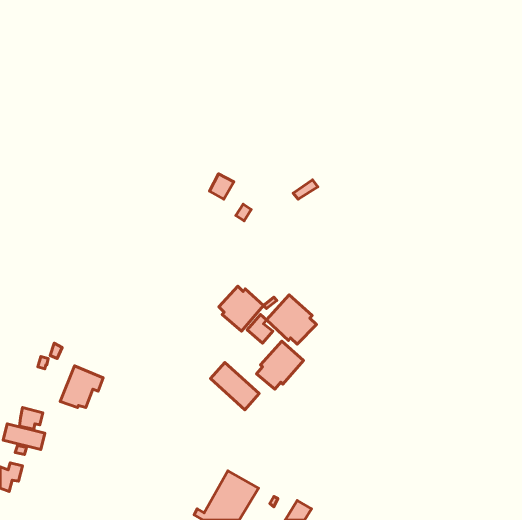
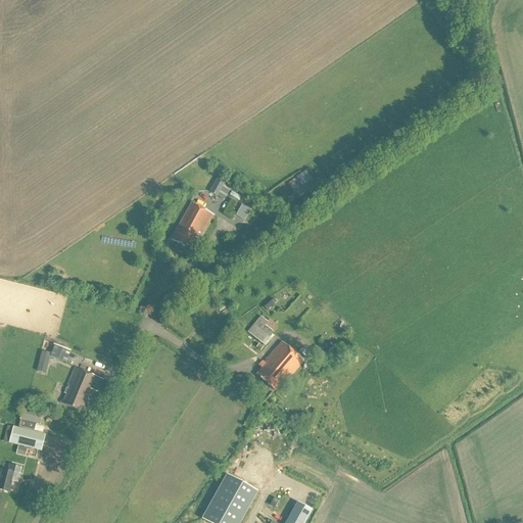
building: none -> [171,202,213,247]
building: [219,286,264,331] -> none
building: [267,295,316,344] -> none
building: [210,362,259,410] -> none

